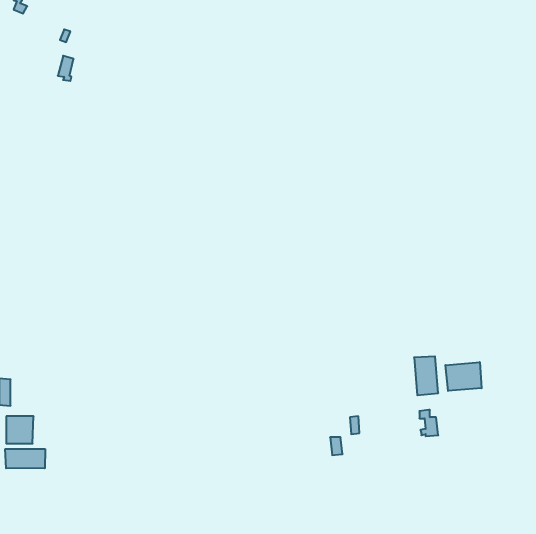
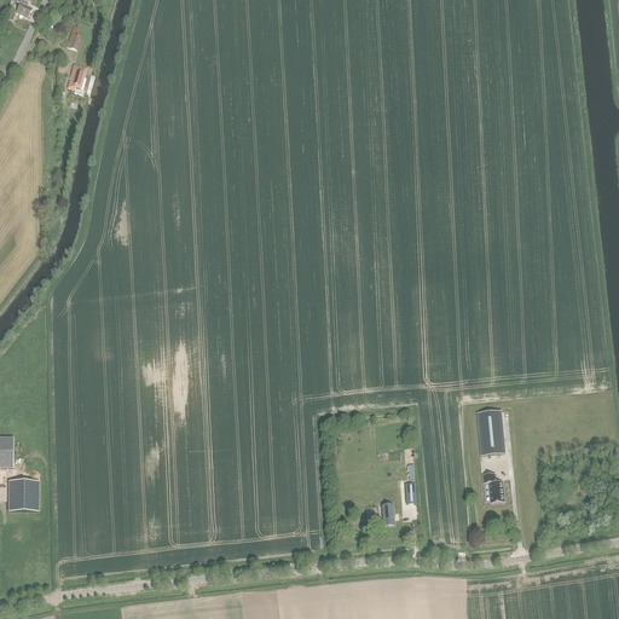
building: [445,362,482,391] -> none
building: [5,449,45,468] -> none

